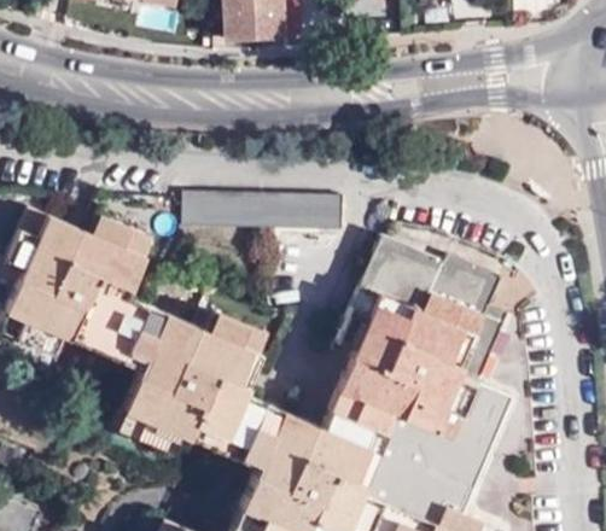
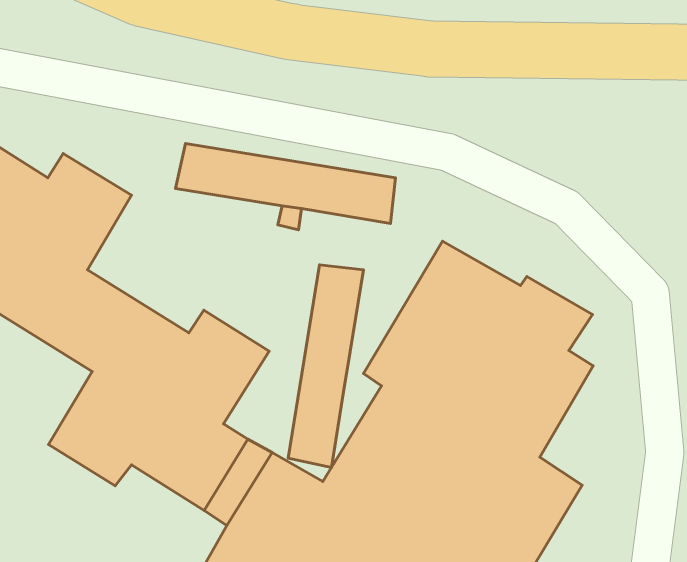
building: none -> [288,265,364,467]

